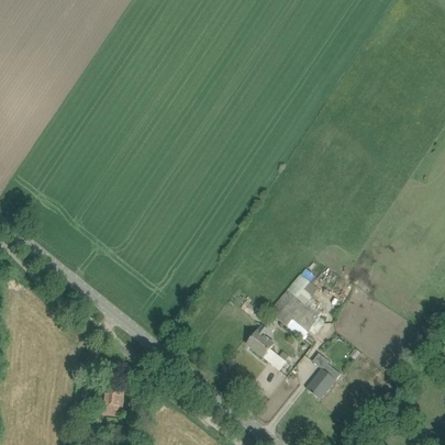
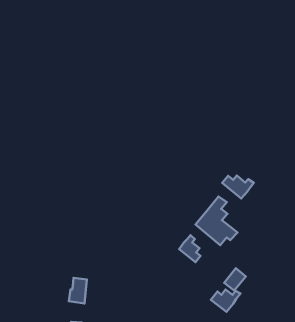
building: none -> [222,175,254,199]
building: none -> [211,289,240,312]

